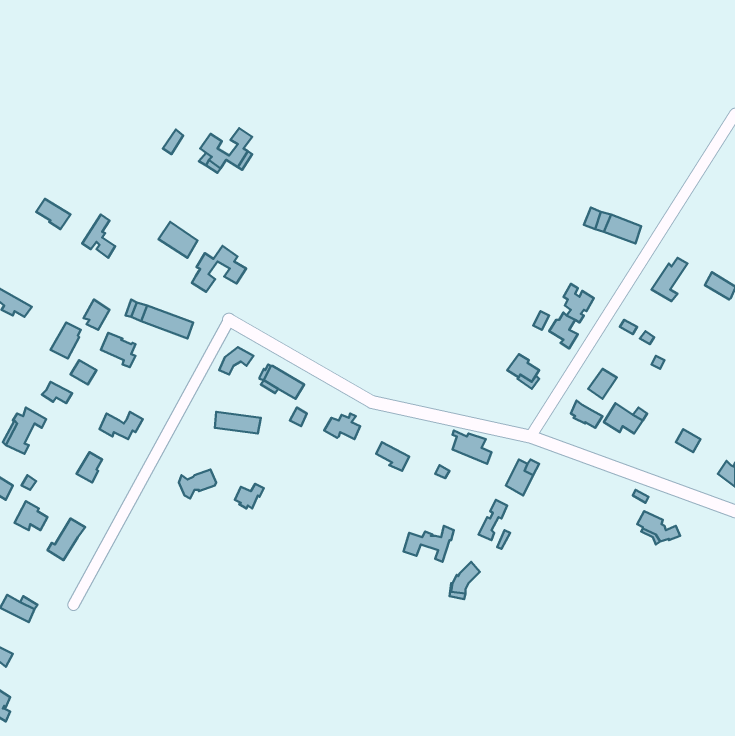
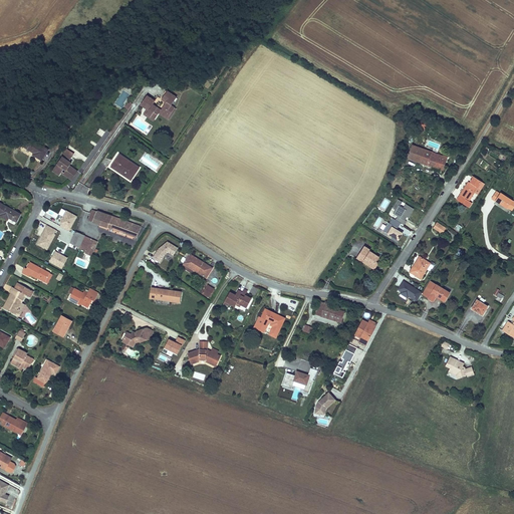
building: [192,246,246,292] -> none
building: none -> [187,341,220,364]

